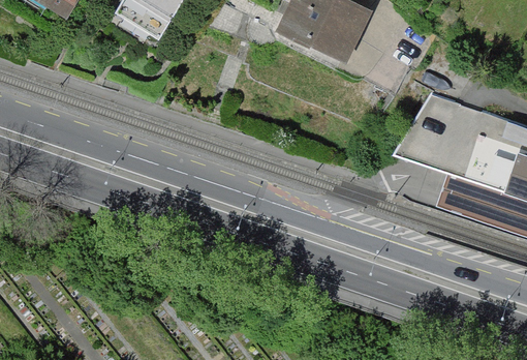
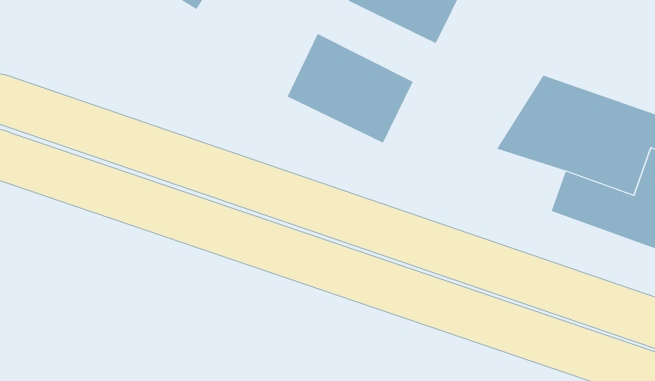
building: none -> [287,33,413,143]

